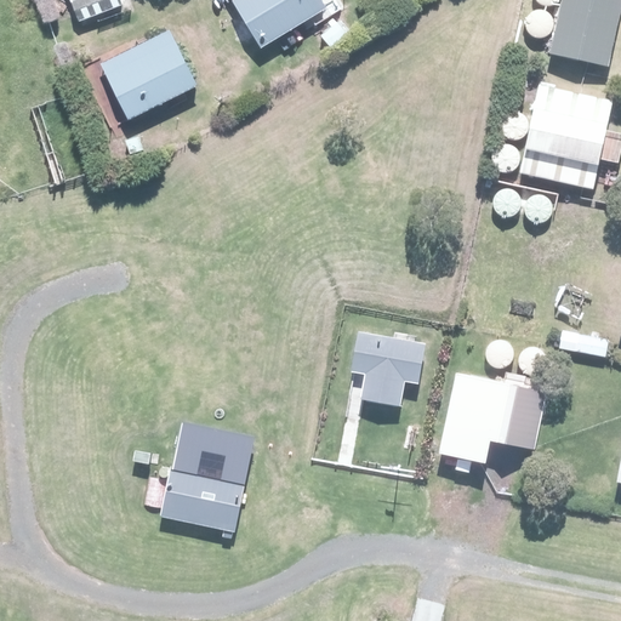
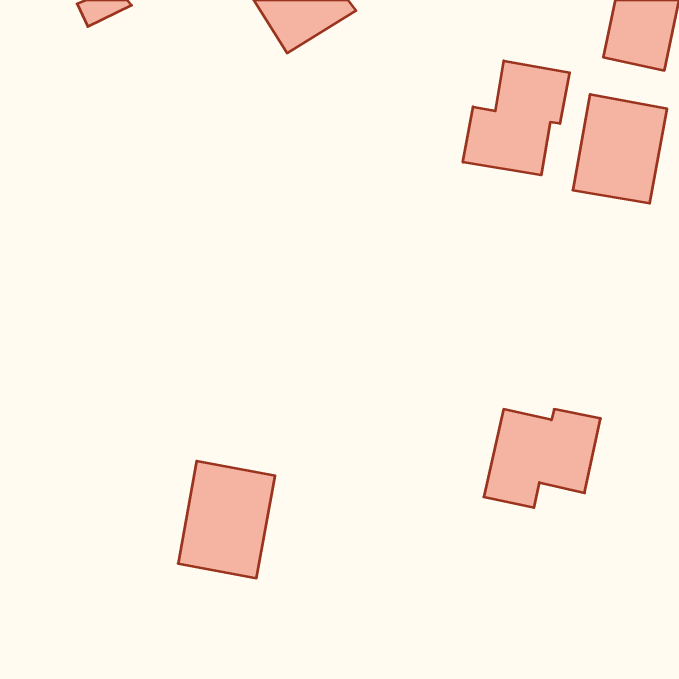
building: [99,30,193,121] -> none
building: none -> [463,61,570,175]
building: [351,329,422,405] -> none

